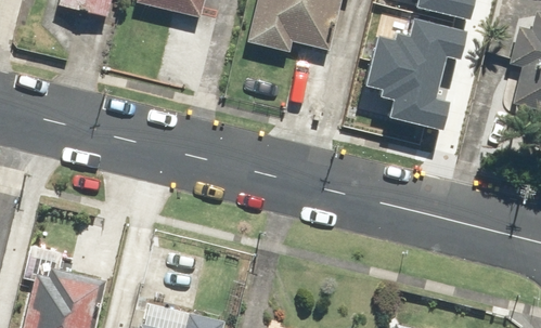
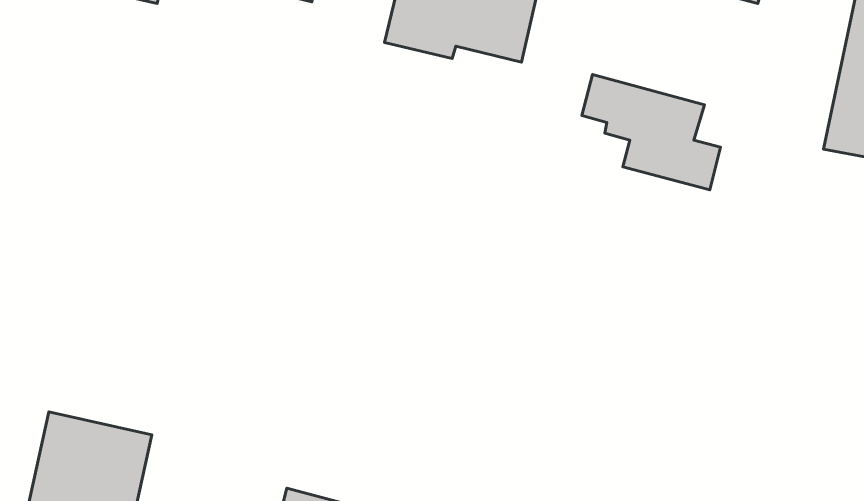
building: [372,21,469,79] -> none

